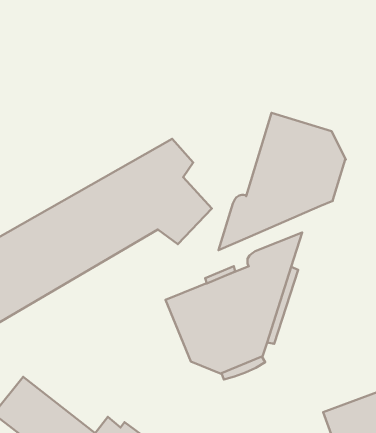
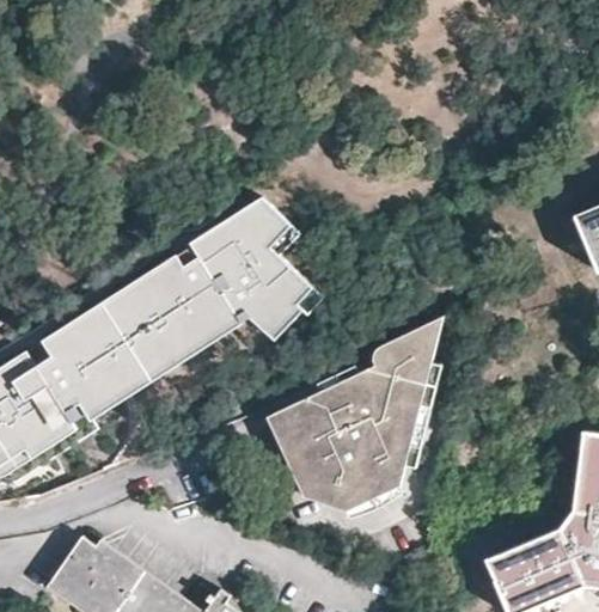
building: [219,113,346,250] -> none

